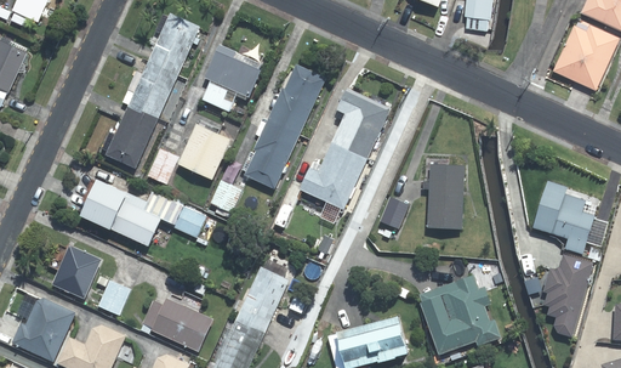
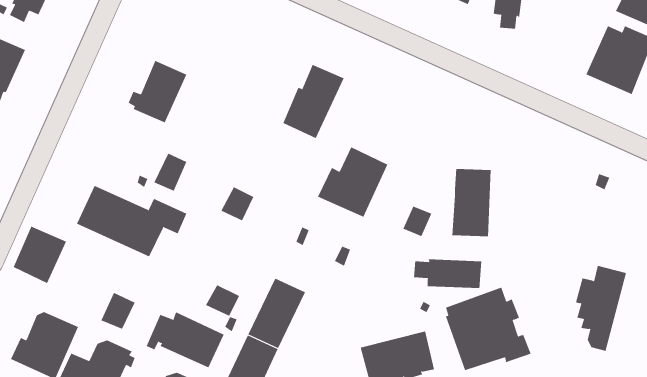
building: [147,11,199,73] -> none
building: [201,43,262,111] -> none
building: [331,87,389,158] -> none
building: [101,106,156,166] -> none
building: [239,119,298,187] -> none
building: [180,123,230,177] -> none
building: [534,179,593,251] -> none
building: [171,205,204,236] -> [205,284,240,317]
building: [51,243,102,298] -> [13,226,67,284]
building: none -> [413,259,482,289]

